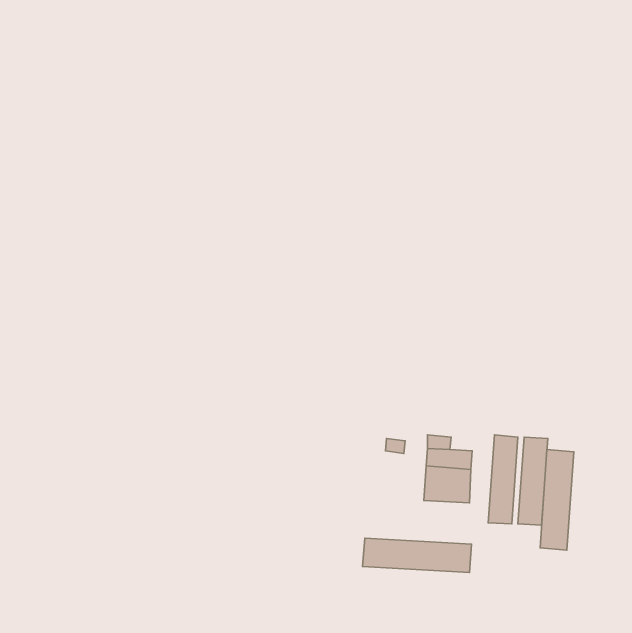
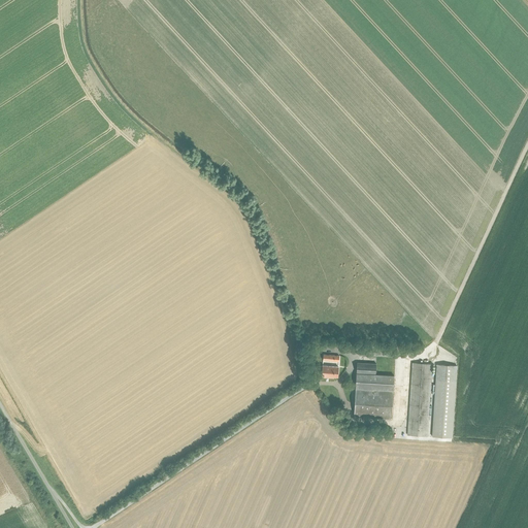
building: [540,450,574,550] -> none
building: [363,538,472,572] -> none

